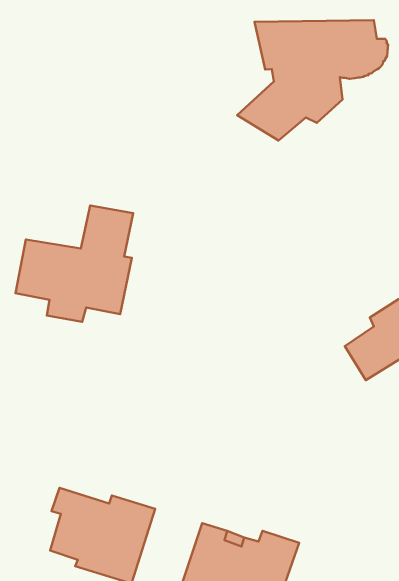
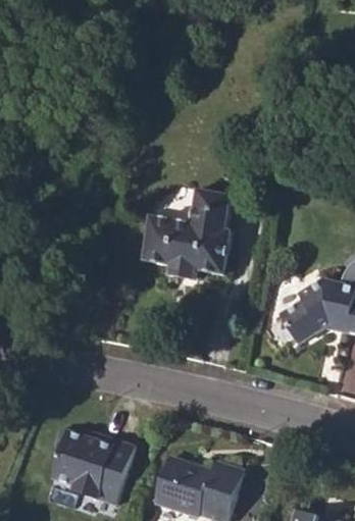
building: [237,20,388,140] -> none
building: [15,205,133,322] -> [143,190,235,280]

